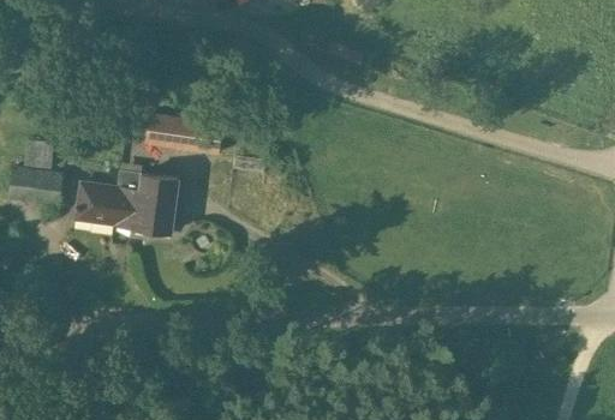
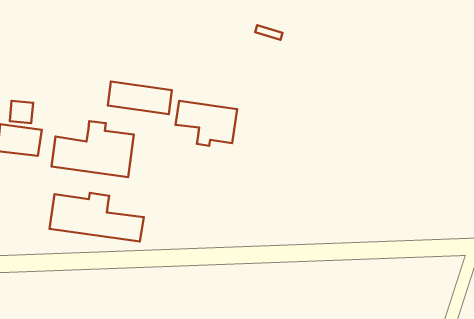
building: none -> [176,101,237,146]
building: none -> [49,193,144,242]

